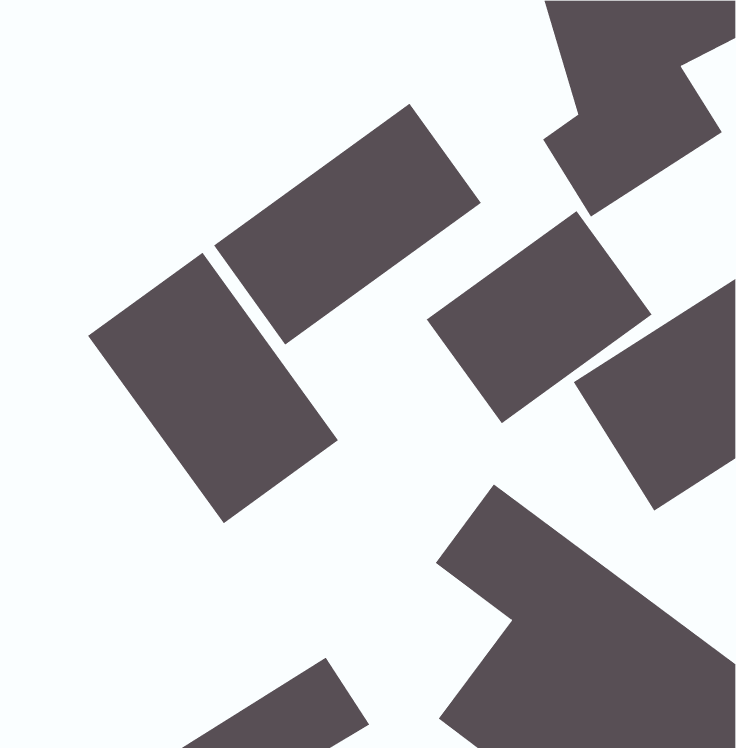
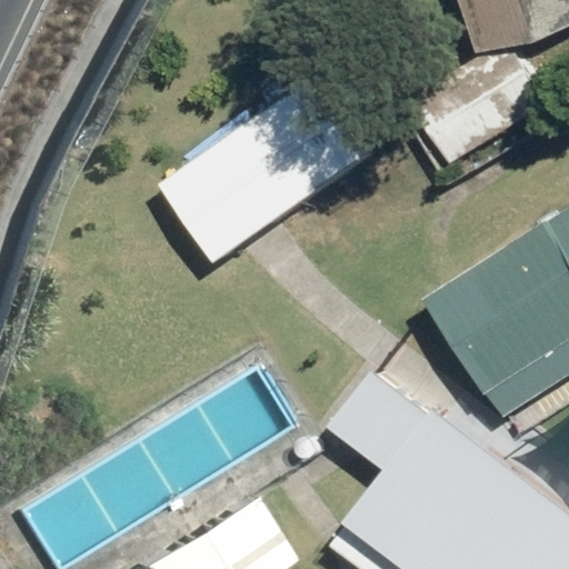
building: [426,210,653,424] -> none
building: [87,252,339,524] -> none

